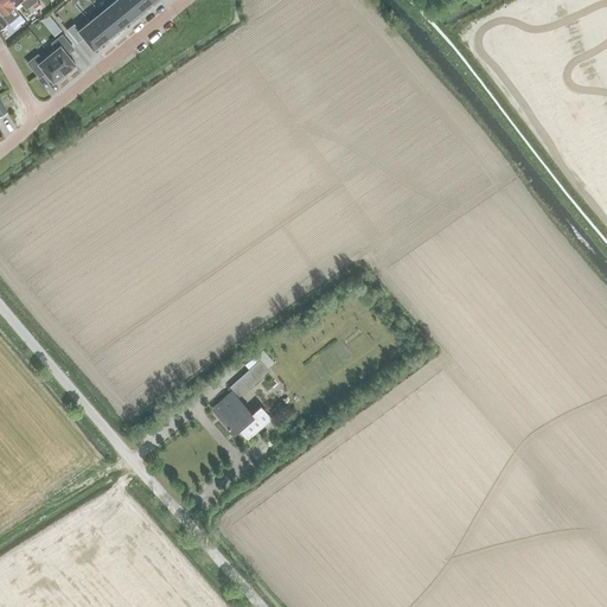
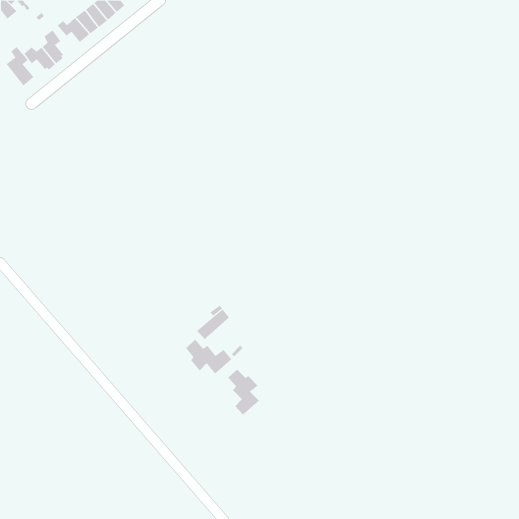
building: none -> [6,46,34,86]
building: none -> [227,369,260,415]

